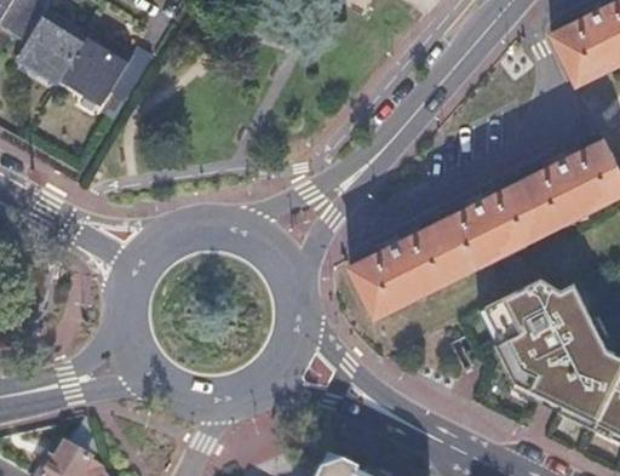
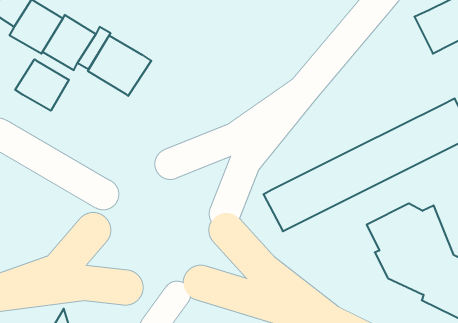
building: none -> [88,35,151,96]
building: none -> [15,59,69,111]

